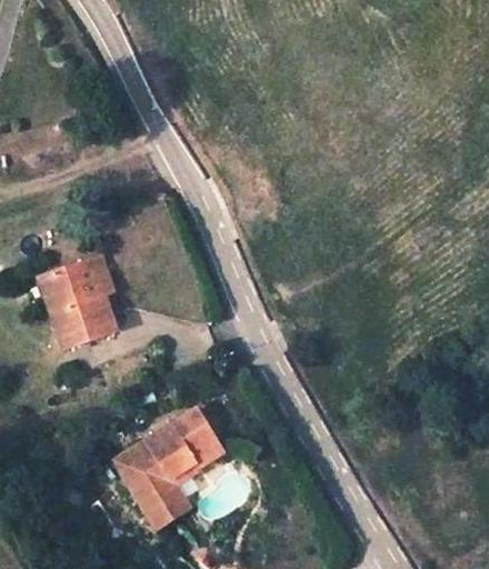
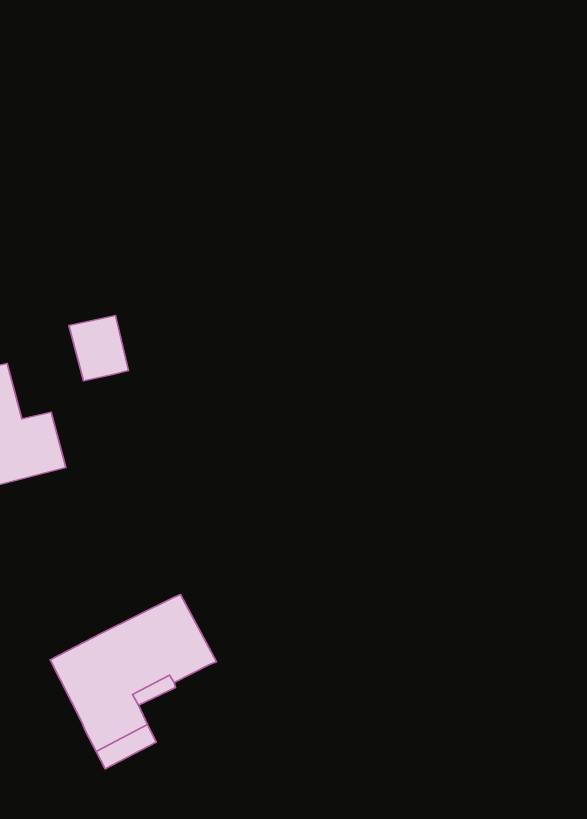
building: [72,257,113,301] -> [69,315,128,381]

